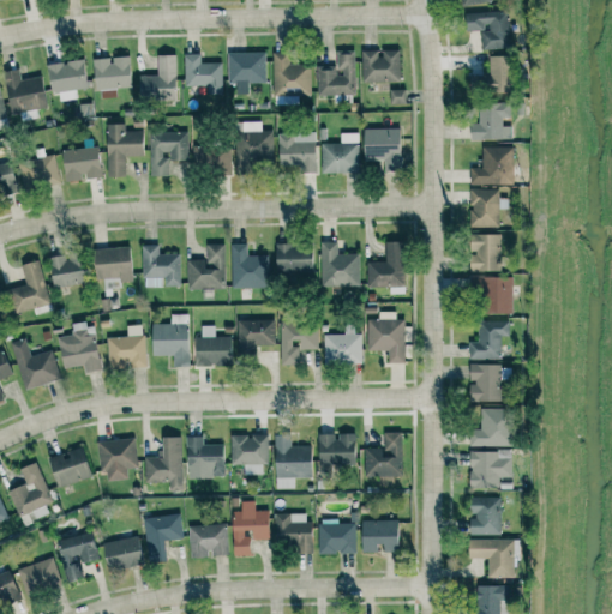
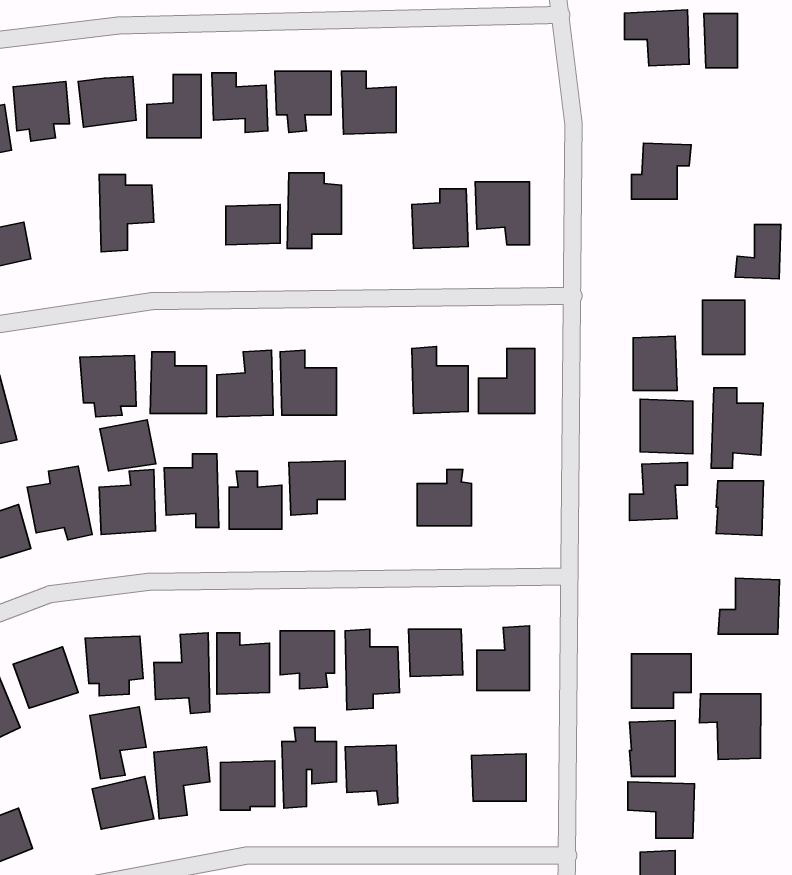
building: [362,49,401,83] -> none
building: [318,50,355,96] -> none
building: [490,56,512,94] -> [704,13,737,68]
building: [151,132,190,176] -> none
building: [278,132,317,173] -> none
building: [62,145,103,182] -> none
building: [470,148,502,185] -> [735,225,781,279]
building: [472,189,500,227] -> [703,300,745,354]
building: [277,243,313,272] -> none
building: [49,253,88,288] -> [100,420,156,471]
building: none -> [711,388,763,468]
building: [368,312,406,363] -> none
building: [281,320,319,365] -> none
building: [470,365,503,402] -> [716,481,763,535]
building: [470,408,512,446] -> [718,578,780,634]
building: none -> [699,694,761,760]
building: [319,522,356,554] -> none
building: [60,532,98,582] -> [90,707,146,779]

